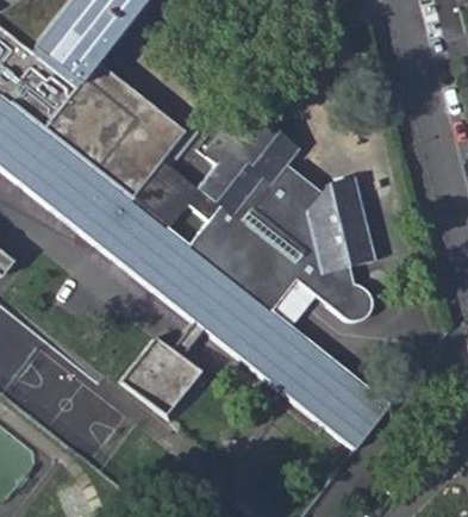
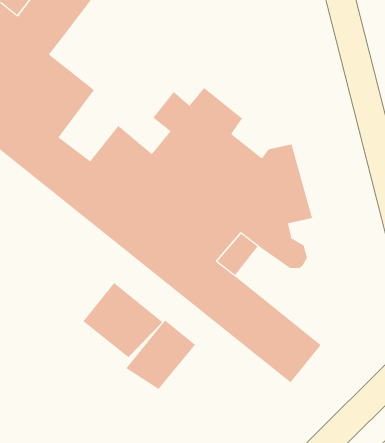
building: [81,58,183,195] -> none
building: none -> [126,320,196,390]

